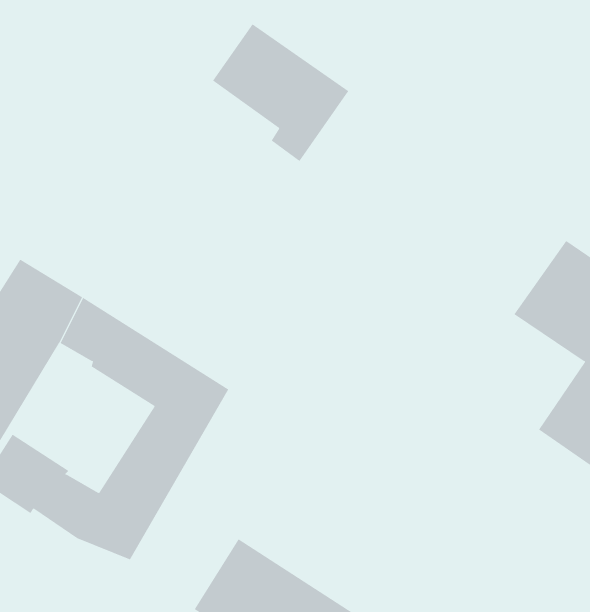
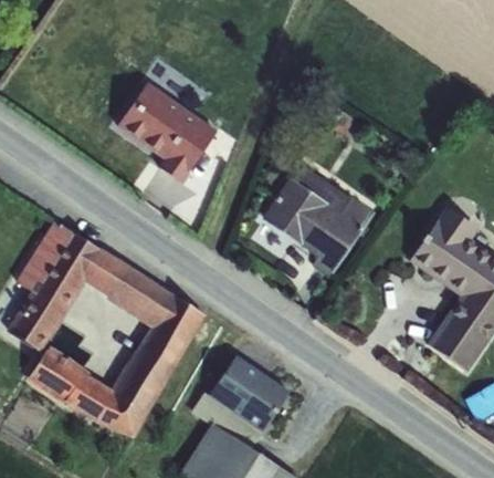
building: [212,24,349,162] -> [118,83,217,183]
building: none -> [263,177,375,276]
building: none -> [209,355,290,432]

